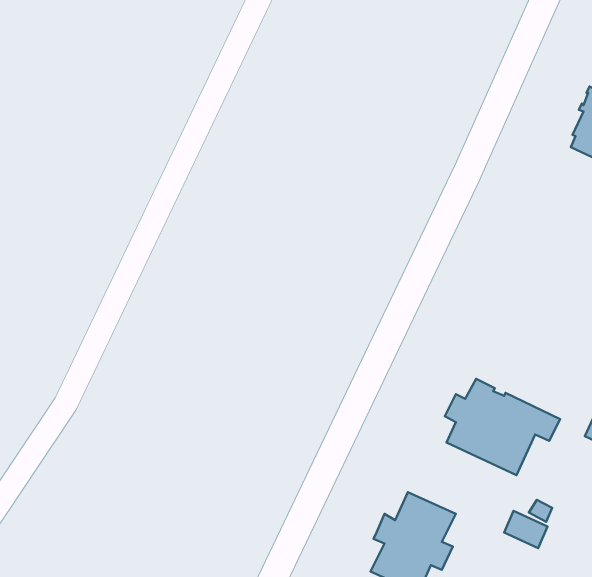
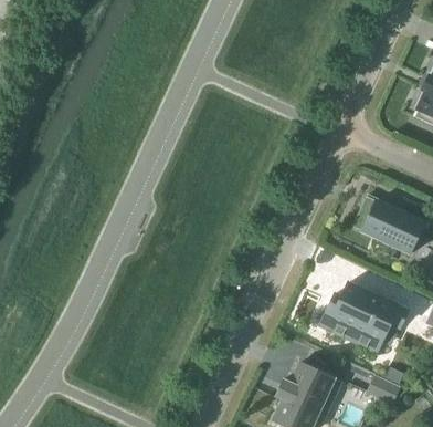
building: none -> [360,200,425,253]

